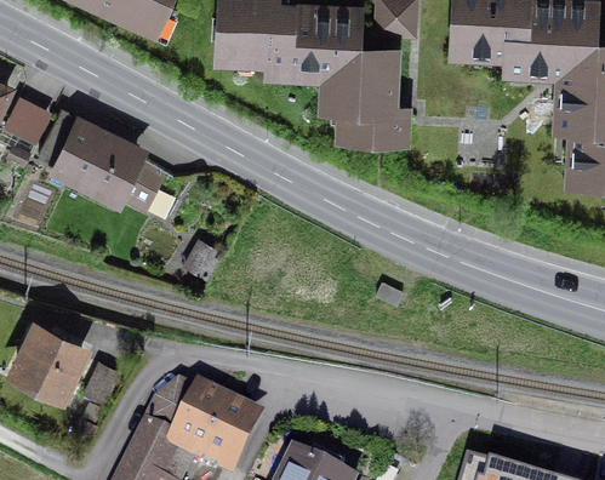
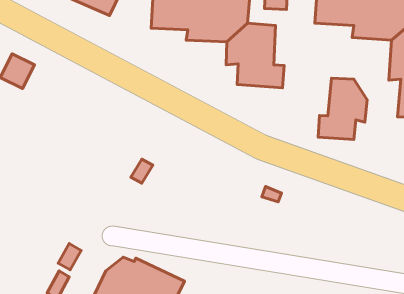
building: [38,114,164,211] -> none
building: none -> [318,78,367,140]
building: [10,324,86,399] -> none

